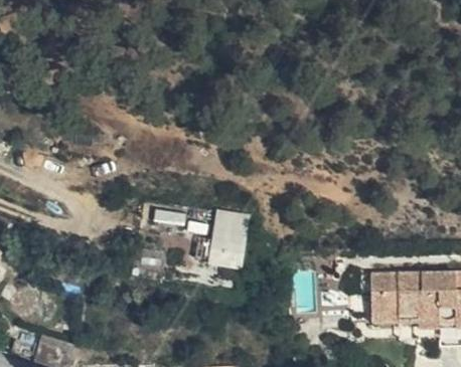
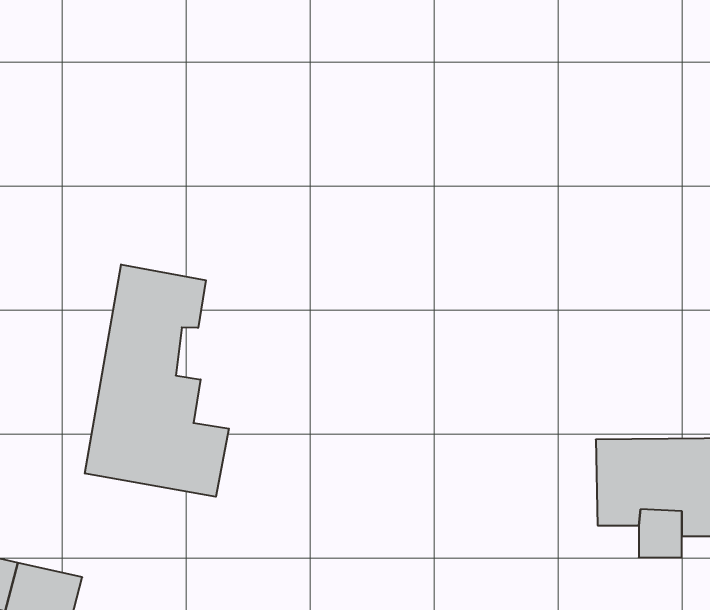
building: none -> [85,264,229,497]
building: [210,213,251,270] -> none

